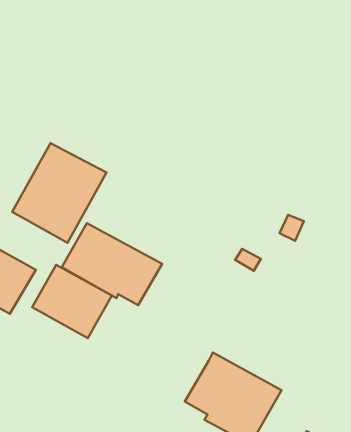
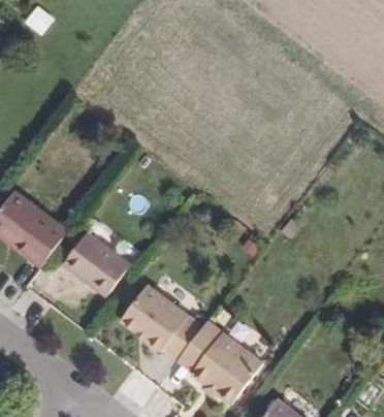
building: [12,143,107,243] -> none
building: [62,223,162,305] -> [120,285,204,359]

